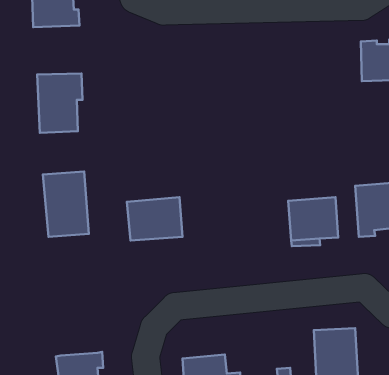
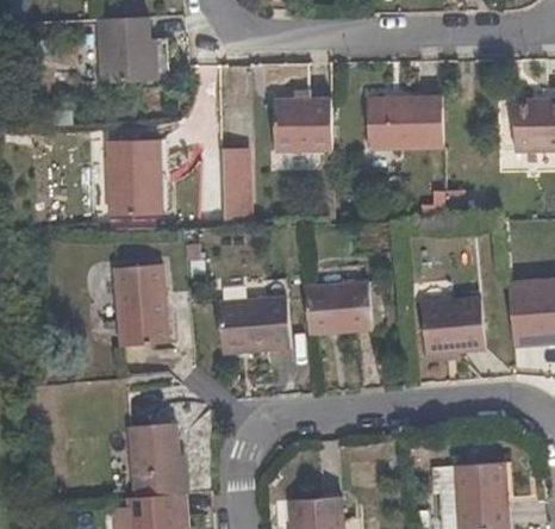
building: none -> [367,94,444,153]
building: none -> [273,97,332,153]
building: none -> [222,148,251,224]
building: none -> [304,281,372,335]
building: none -> [129,423,181,497]

